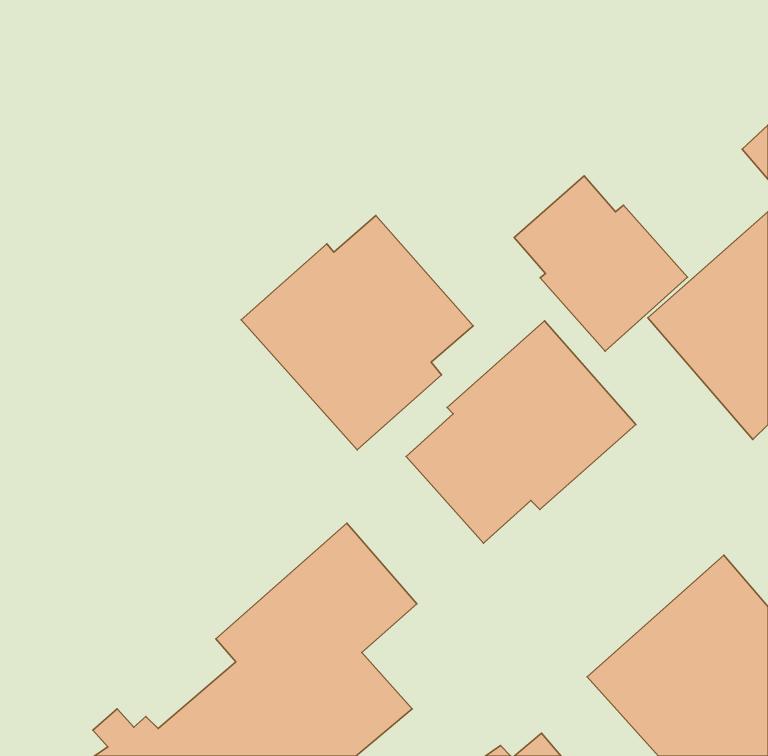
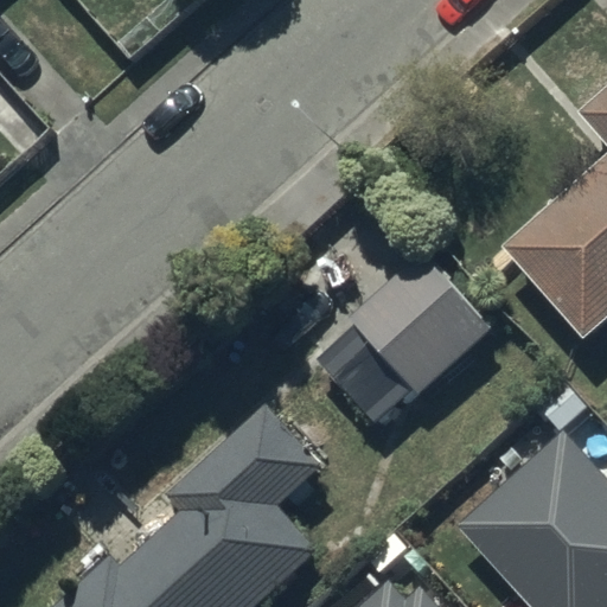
building: [514,176,688,351] -> none
building: [241,216,473,450] -> none

